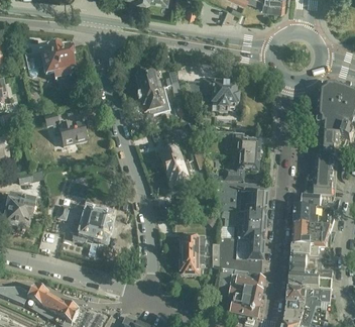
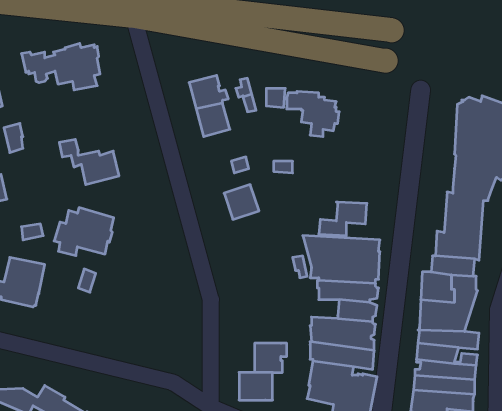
building: [230,132,258,158] -> none
building: [164,164,189,188] -> none
building: [70,209,111,242] -> [54,208,114,256]
building: [180,236,203,255] -> [239,372,273,400]

